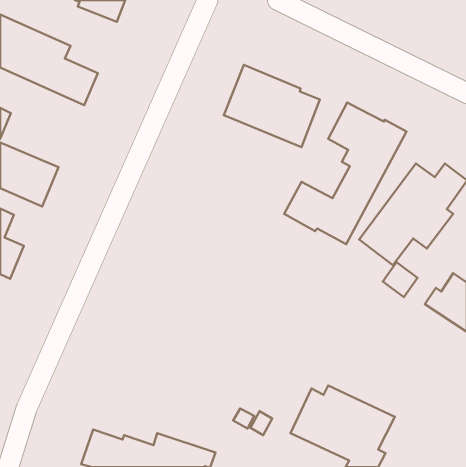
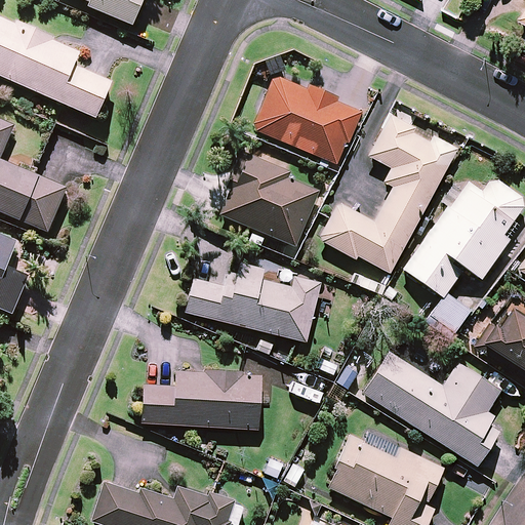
building: none -> [220,152,319,247]
building: none -> [186,261,320,342]
building: none -> [362,353,500,466]
building: none -> [143,370,261,430]

